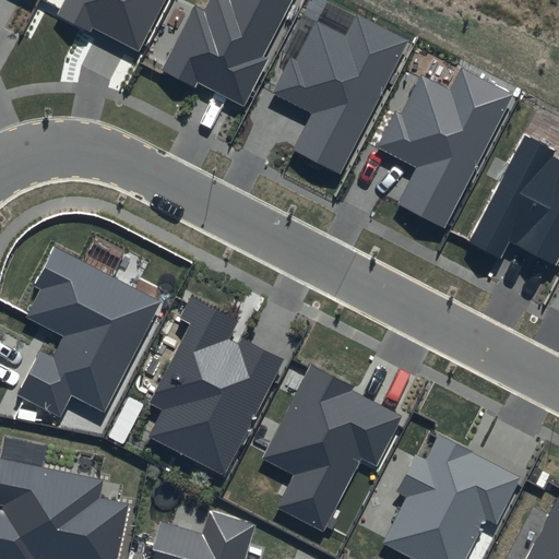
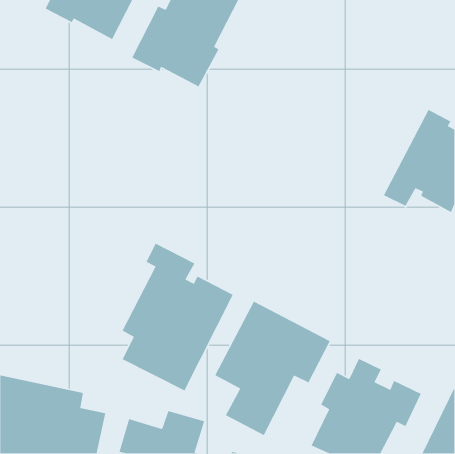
building: [271,16,408,176] -> none
building: [378,68,516,228] -> none
building: [16,246,164,418] -> none

